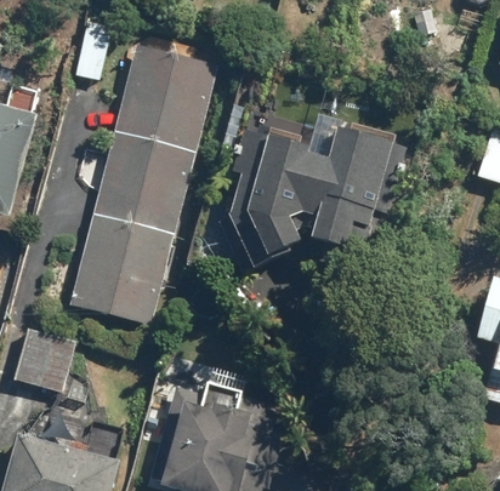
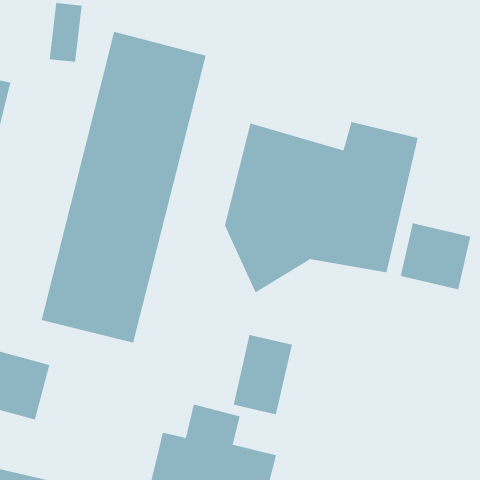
building: none -> [400,223,471,290]
building: none -> [233,334,293,415]

